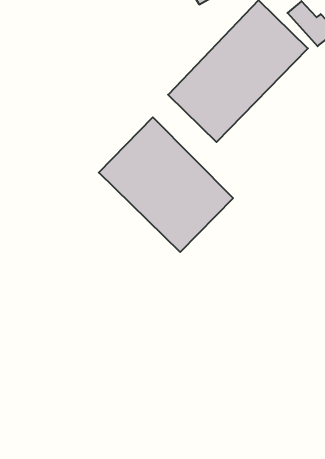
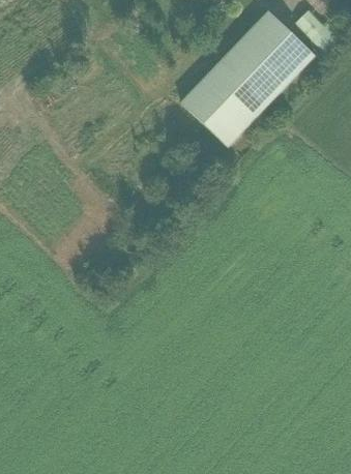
building: [99,117,233,252] -> none

